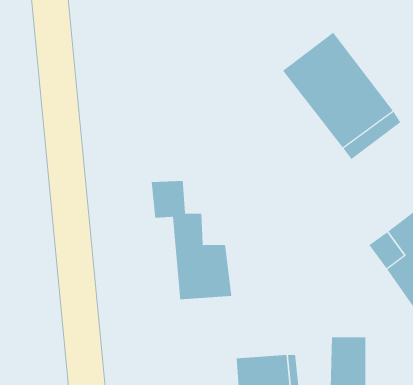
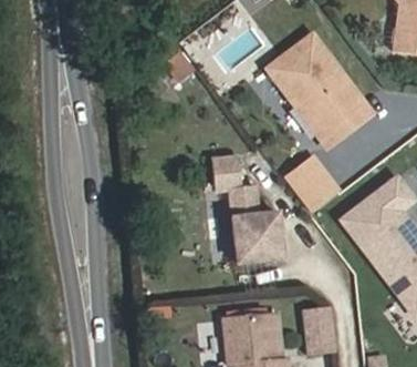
building: none -> [282,152,336,208]
building: [151,181,232,300] -> [212,159,284,264]

